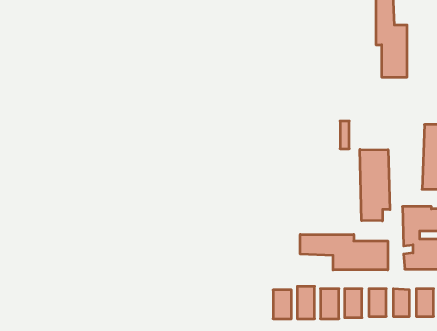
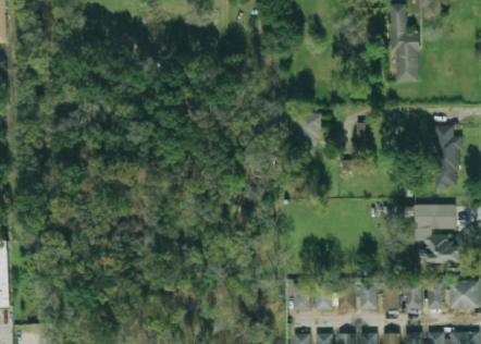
building: none -> [297,113,319,144]
building: [360,149,390,221] -> none
building: [300,234,388,270] -> none

